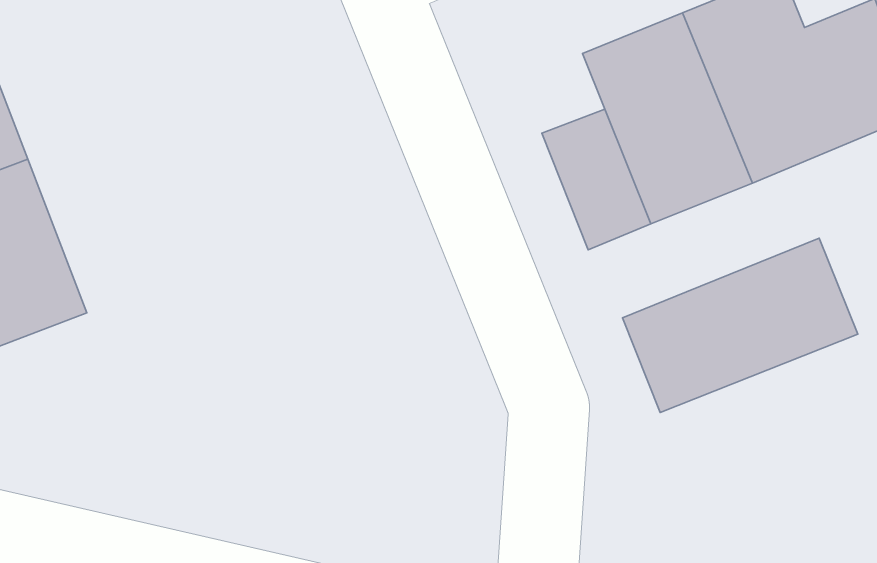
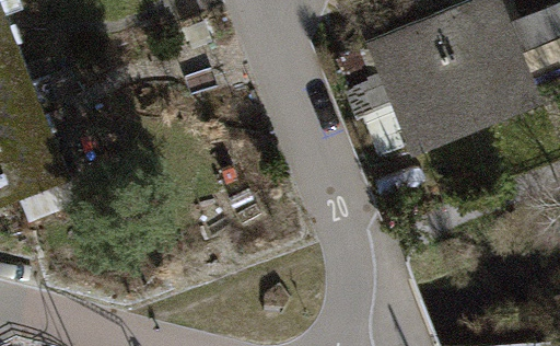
building: [622,238,858,412] -> none

